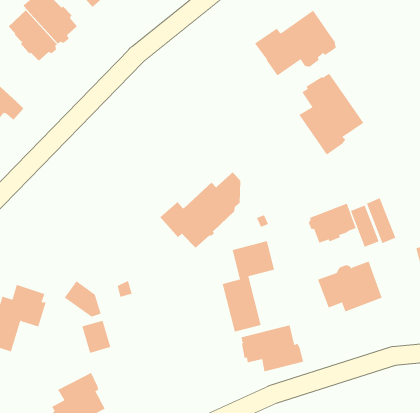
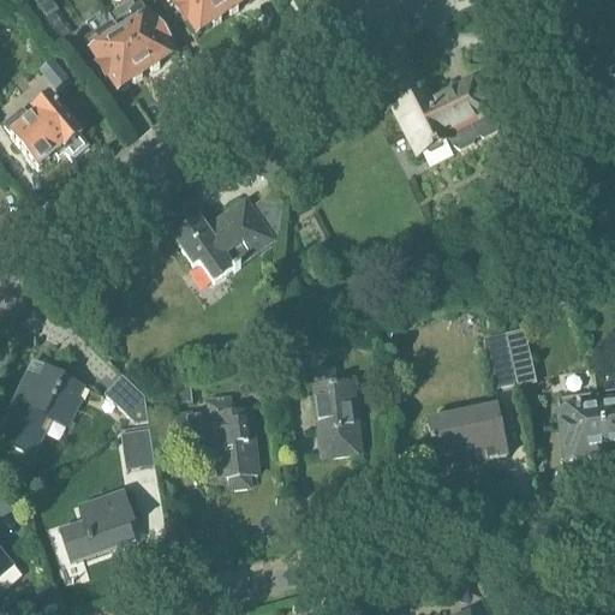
building: [298,73,364,156] -> none
building: [159,172,241,249] -> [174,190,285,280]
building: [308,203,357,243] -> none
building: none -> [178,394,258,489]
building: [241,325,304,372] -> none

